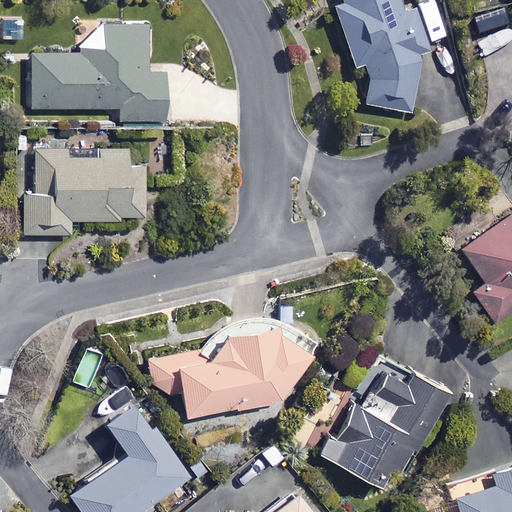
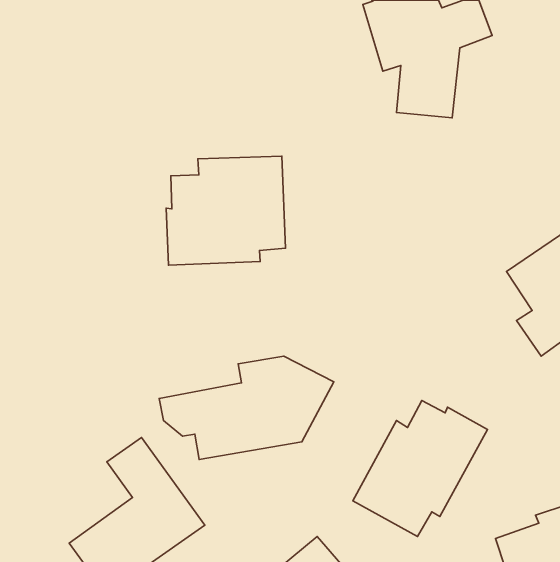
building: [34,25,169,123] -> none
building: none -> [166,156,286,265]
building: [25,149,153,237] -> none

